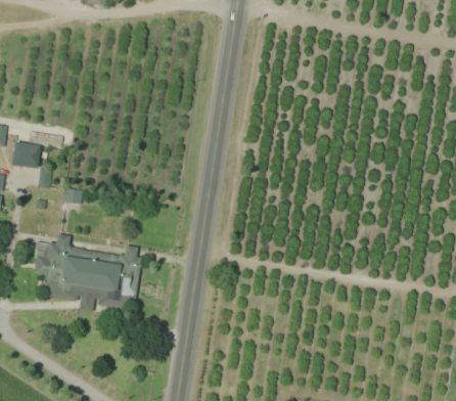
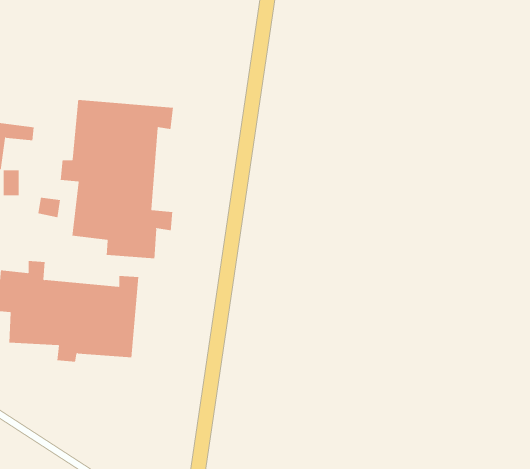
building: none -> [60,99,173,259]

